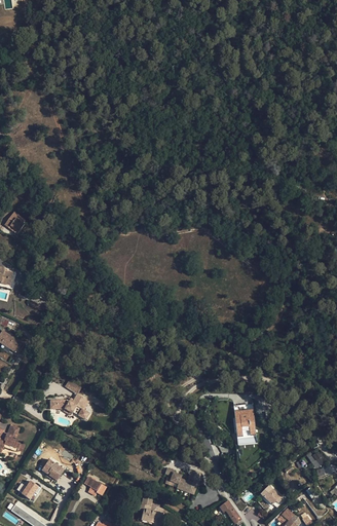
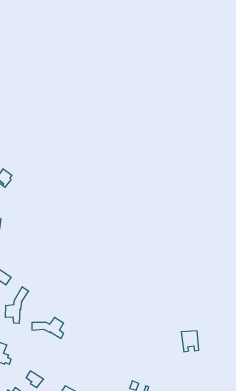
building: none -> [5,287,29,323]

